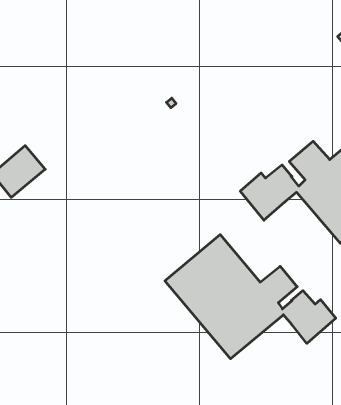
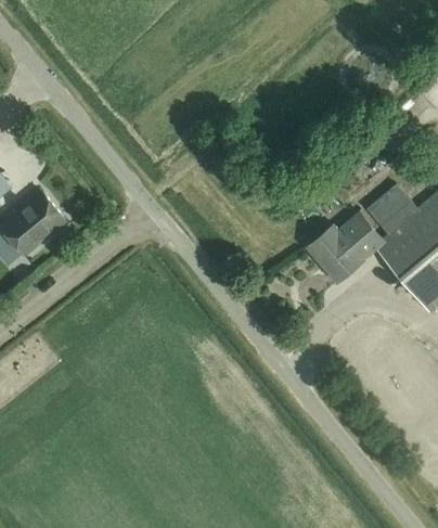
building: [165,235,336,359] -> none

